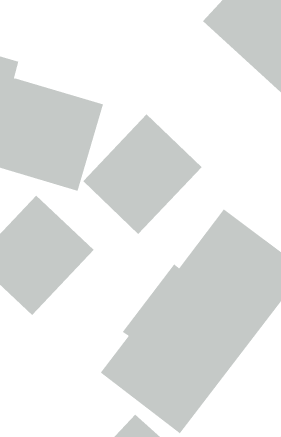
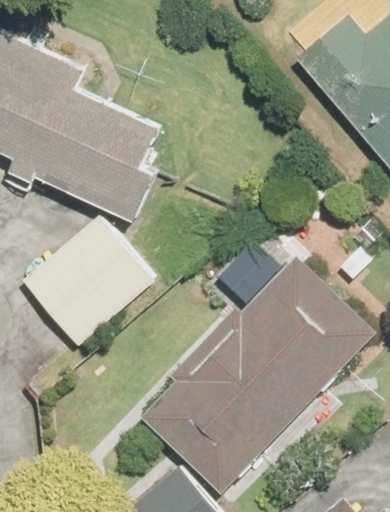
building: [82,114,202,235] -> none

